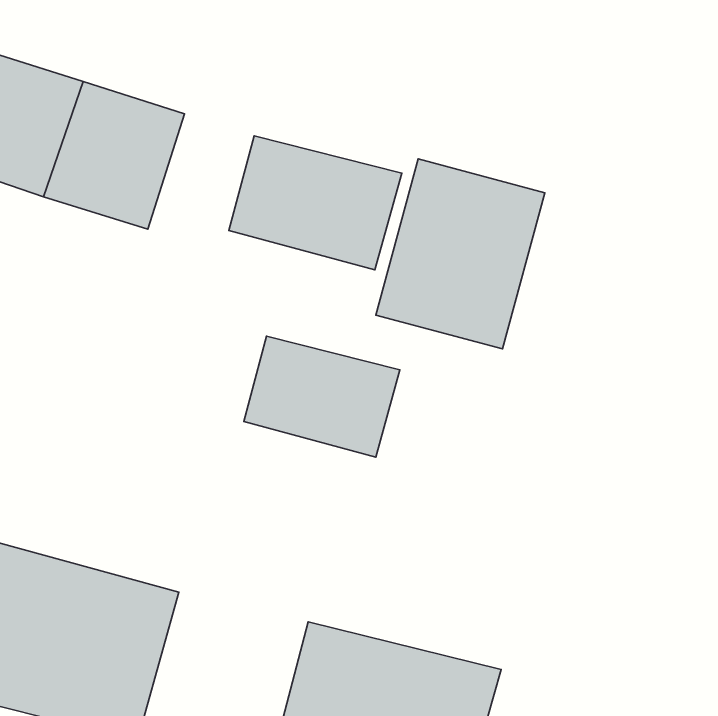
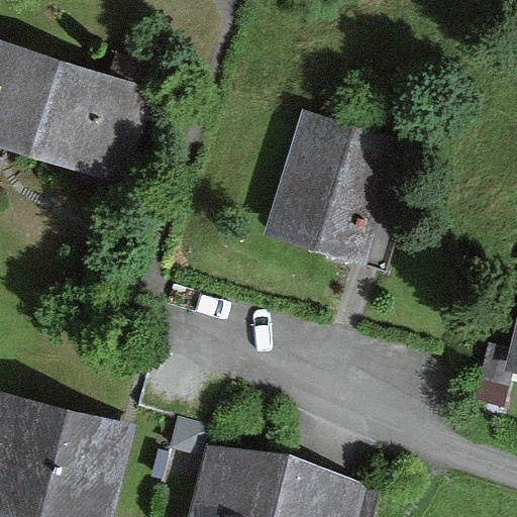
building: [229,136,402,270] -> none
building: [244,336,400,457] -> none

